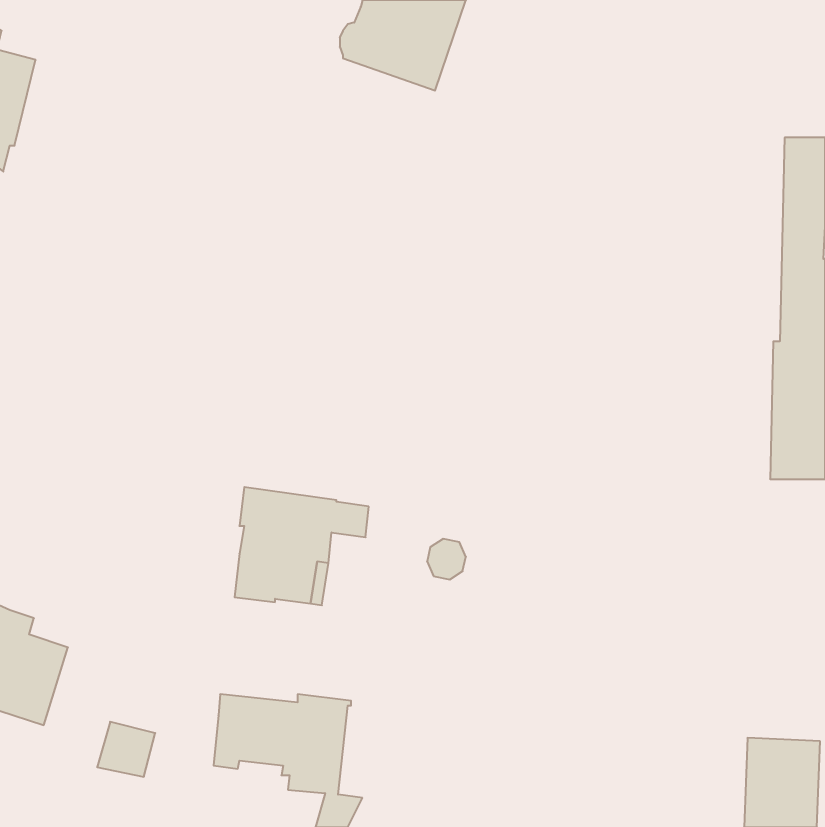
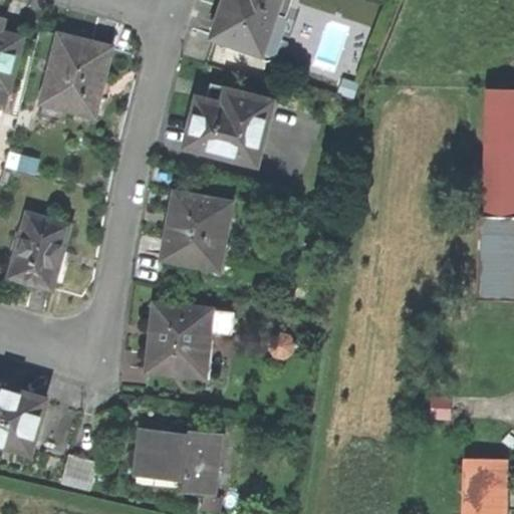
building: none -> [40,32,111,115]
building: none -> [188,87,270,163]
building: none -> [161,190,230,271]
building: none -> [9,214,68,289]

